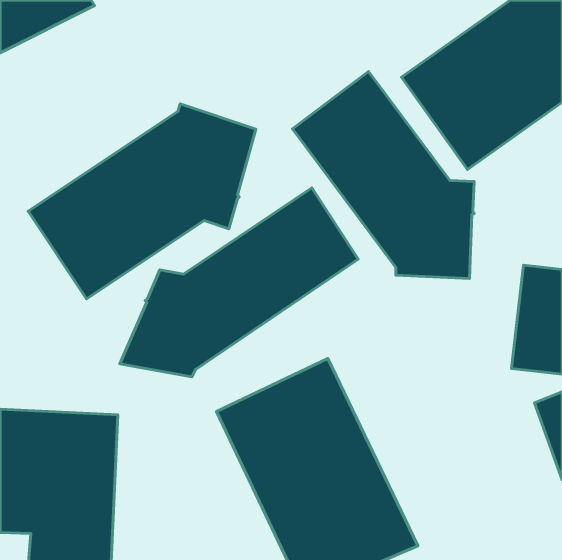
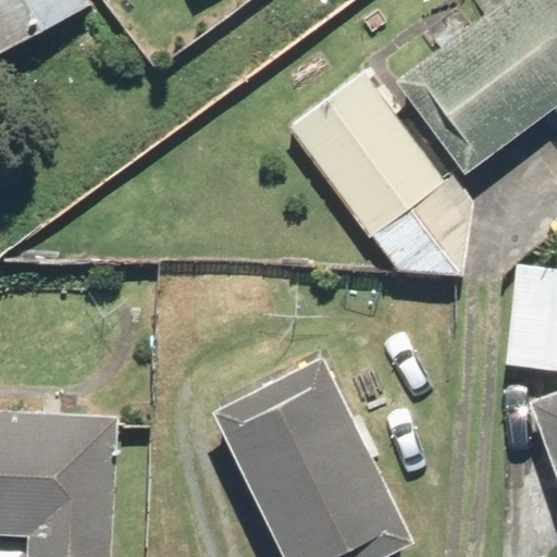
building: [28,104,256,299] -> none
building: [120,188,358,377] -> none

